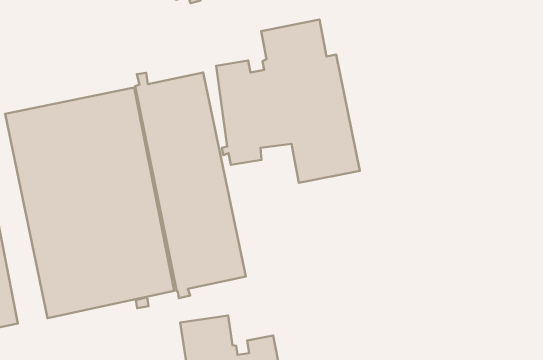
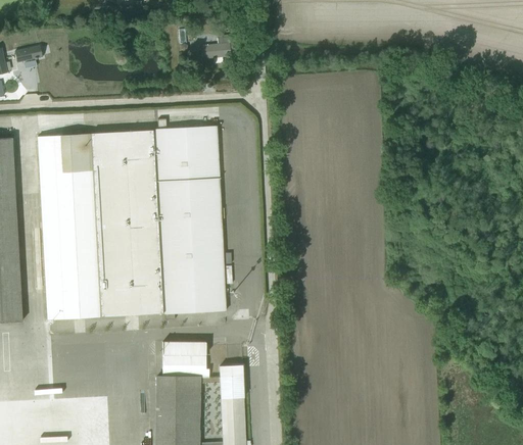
building: [216,20,360,183] -> none

